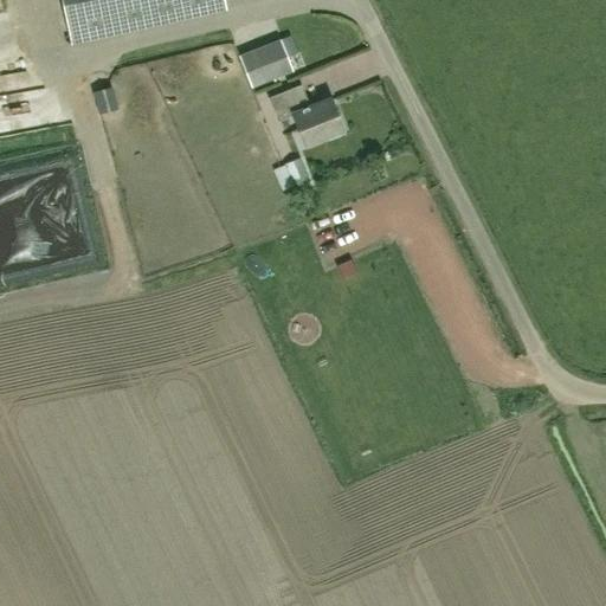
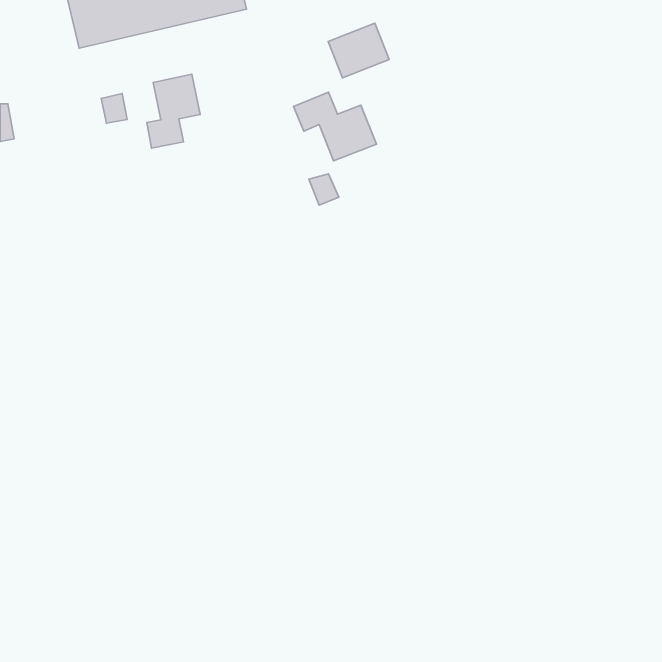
building: [239,37,295,86] -> [328,23,389,78]
building: none -> [147,74,200,148]

